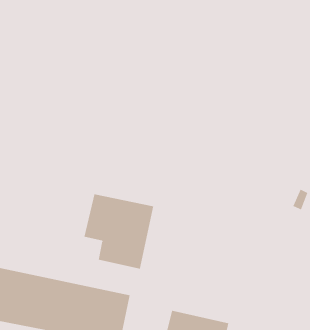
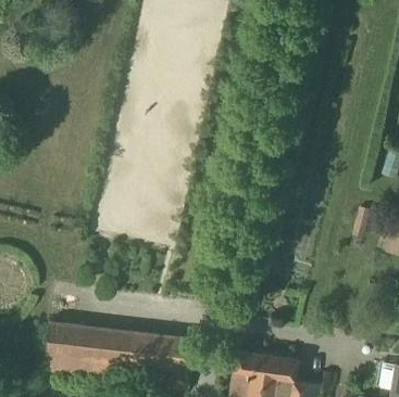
building: [84,194,154,270] -> none

